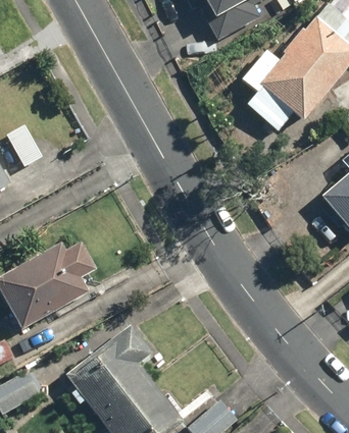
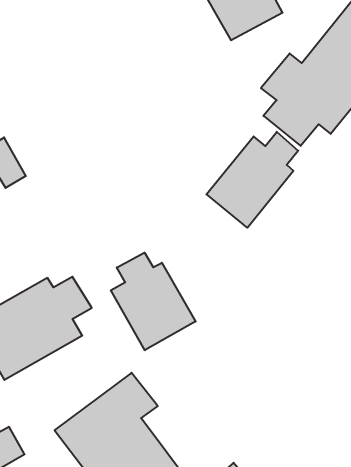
building: none -> [206,132,298,228]
building: none -> [111,253,196,350]

